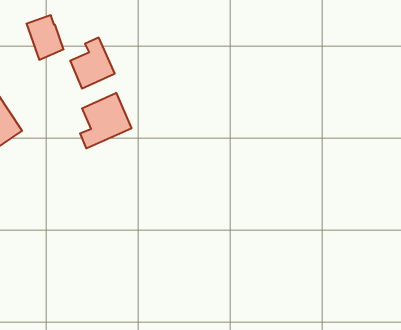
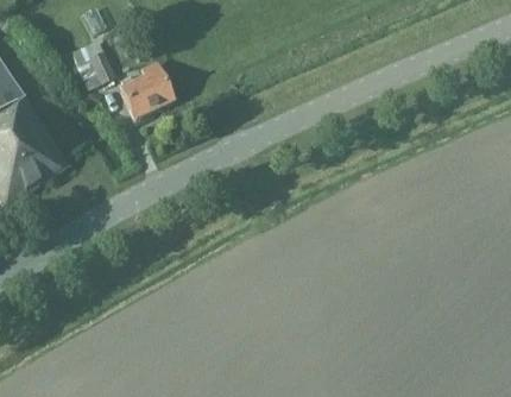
building: [80,93,131,148] -> none

